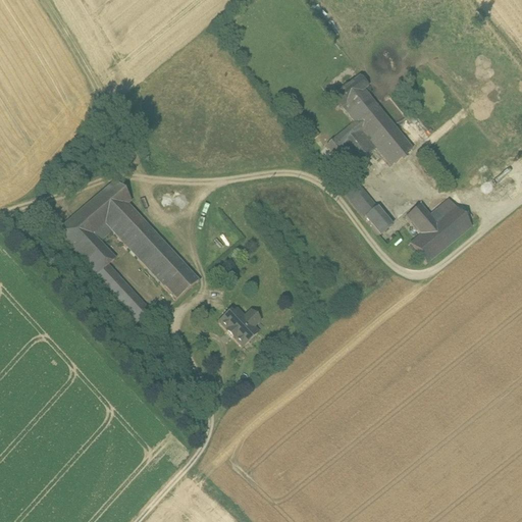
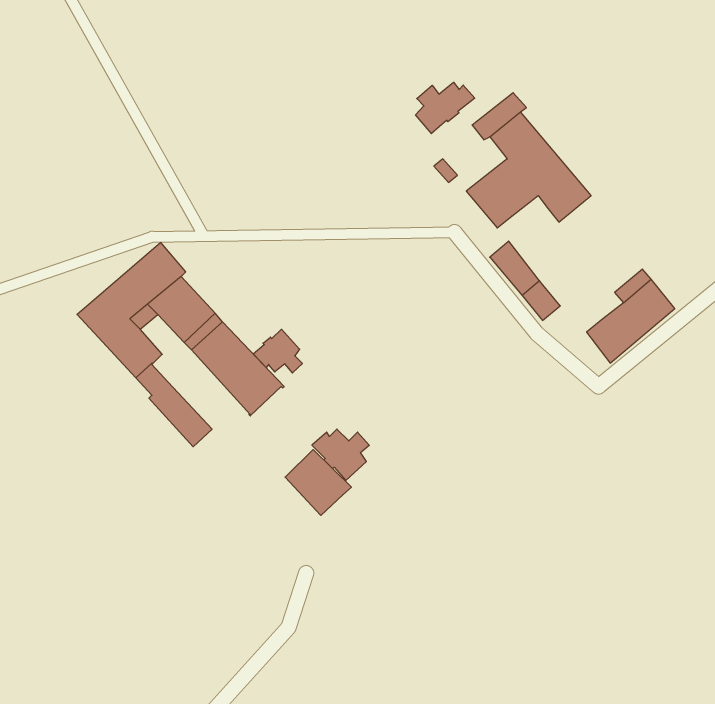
building: none -> [416,82,475,134]
building: [407,202,436,231] -> none
building: none -> [253,329,302,373]
building: none -> [285,450,351,515]

